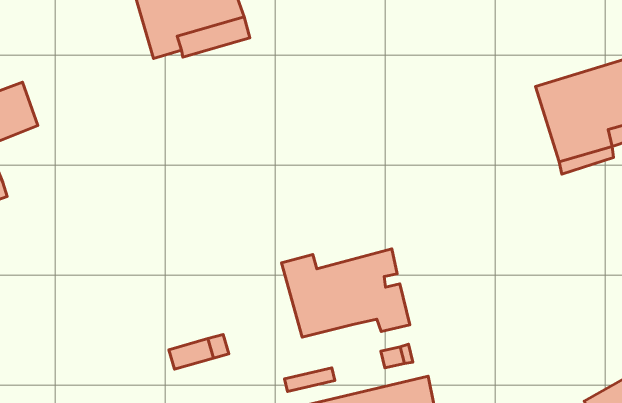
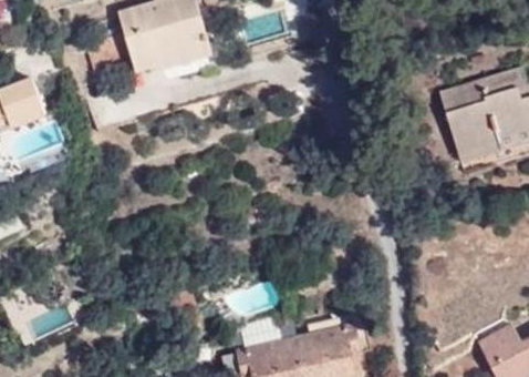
building: [281,249,410,337] -> none

